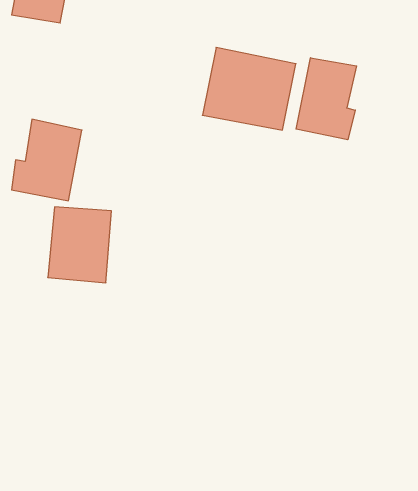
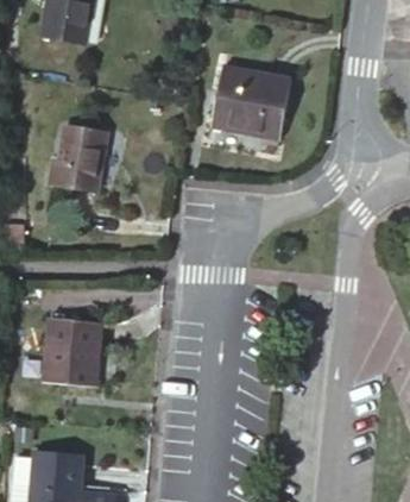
building: [296,58,357,140] -> none
building: [48,207,111,283] -> [42,319,97,385]

